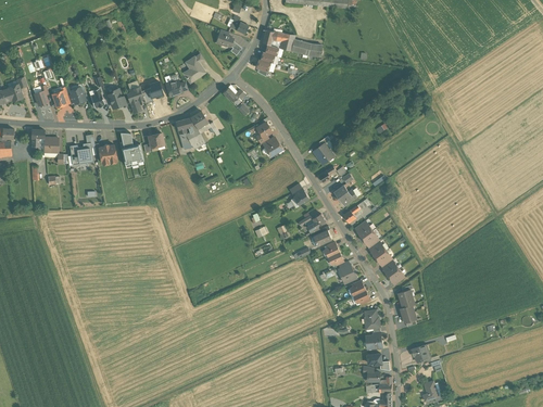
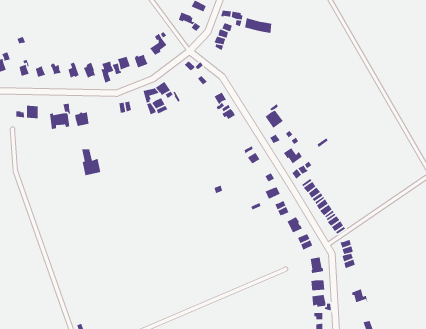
building: [119,133,142,165] -> [81,148,101,176]

